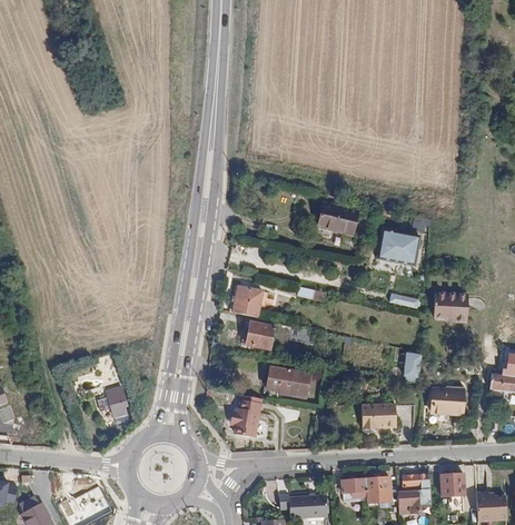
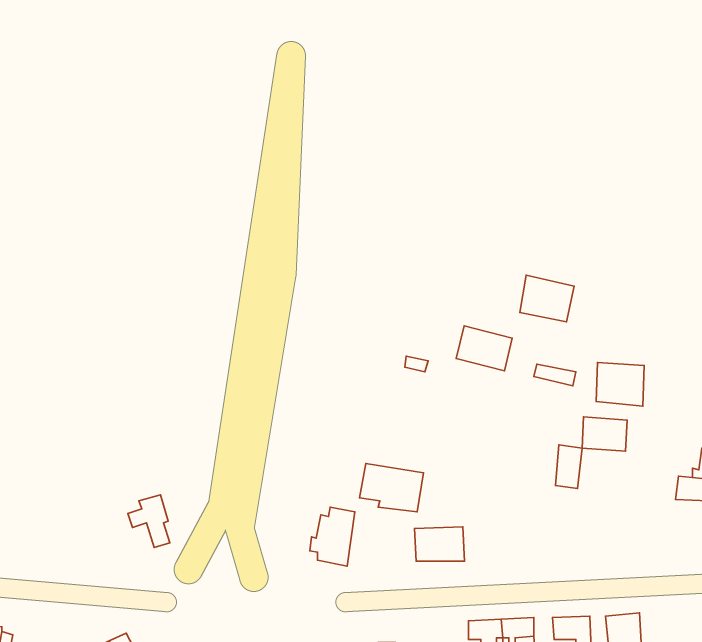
building: [316,206,356,238] -> [456,326,512,371]
building: [231,286,263,317] -> none
building: [246,321,275,350] -> none
building: [432,389,464,414] -> [582,417,627,451]
building: [362,404,397,428] -> [415,527,464,561]

